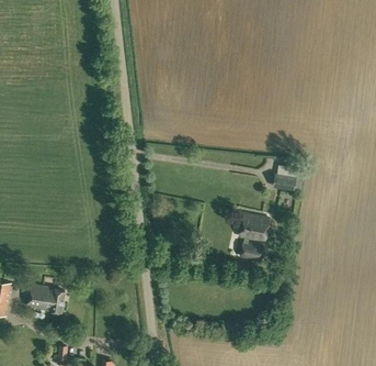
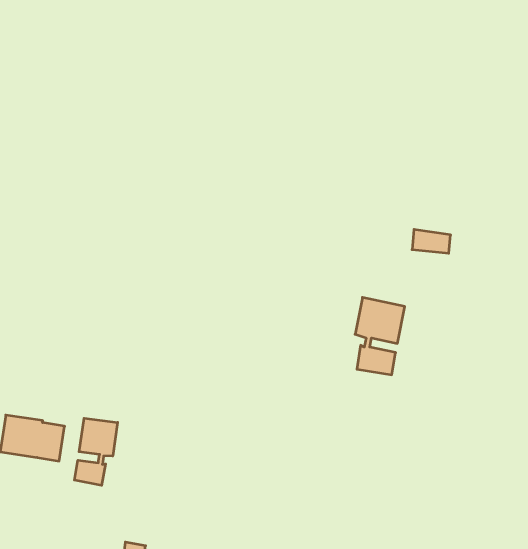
building: none -> [74,418,118,485]

